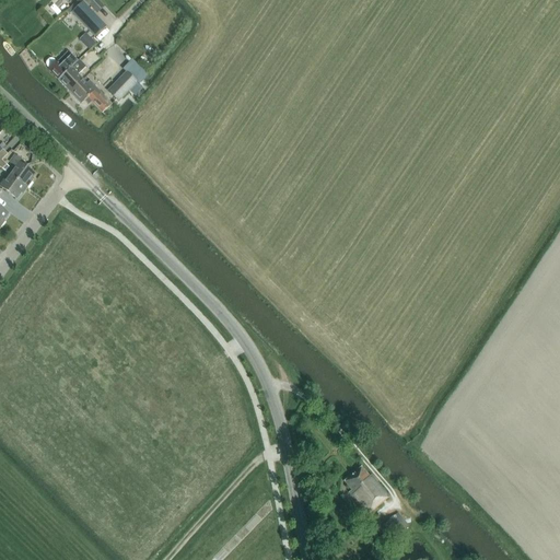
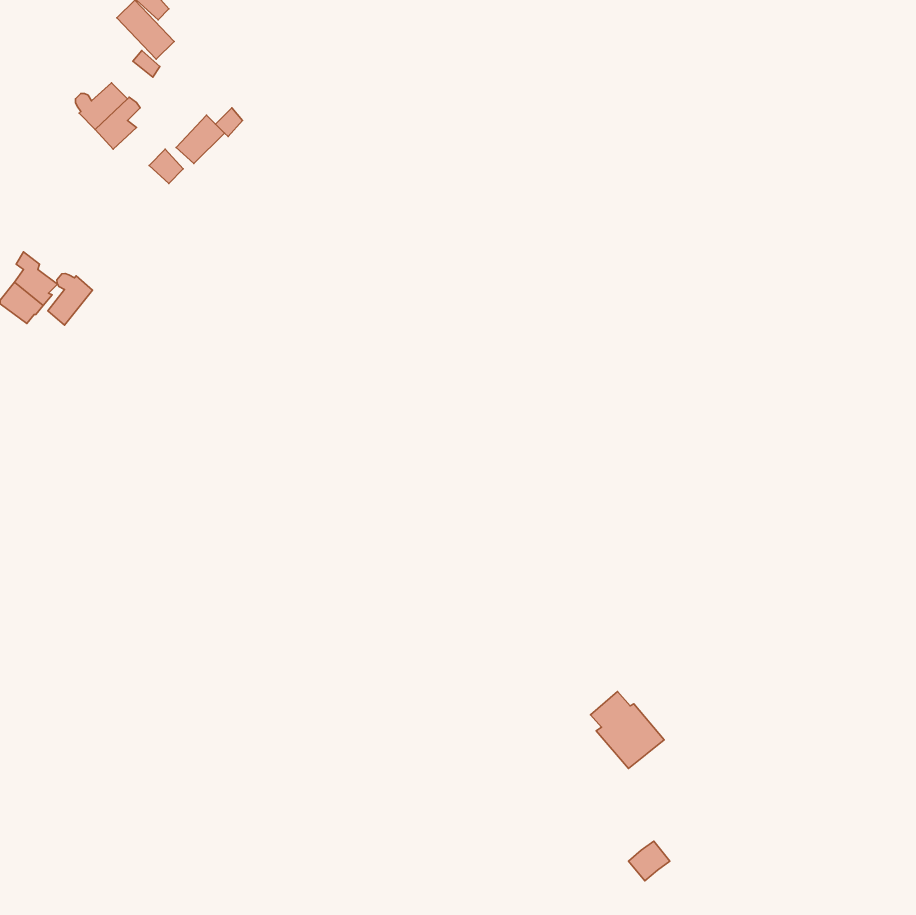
building: [70,78,102,103] -> none
building: none -> [48,274,93,325]
building: [346,466,390,513] -> [591,691,664,769]

